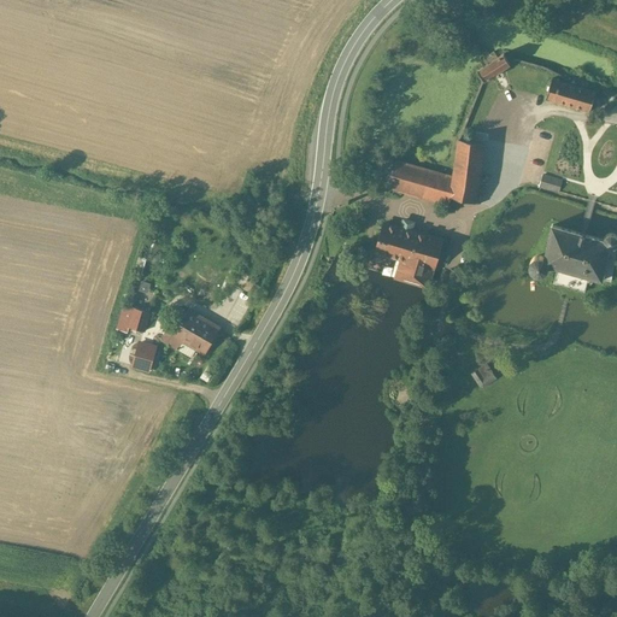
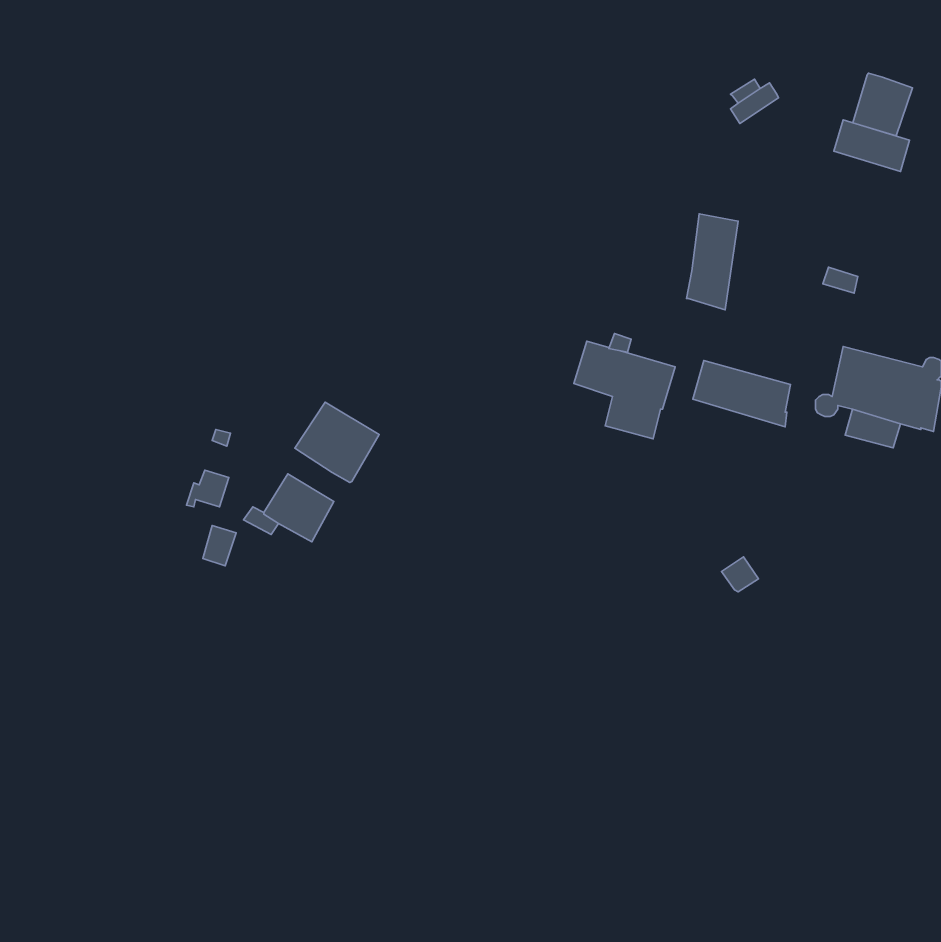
building: none -> [853,73,912,136]
building: [388,161,452,205] -> [693,360,791,427]
building: none -> [295,402,379,483]

